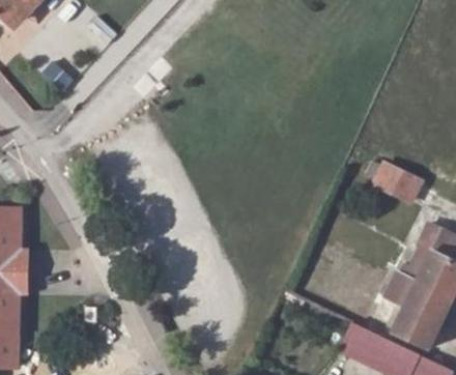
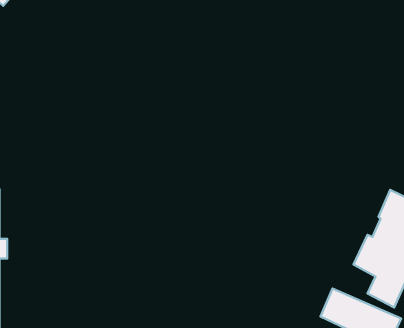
building: [380,165,425,200] -> none

